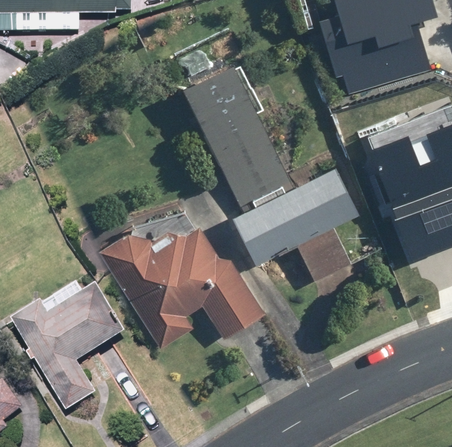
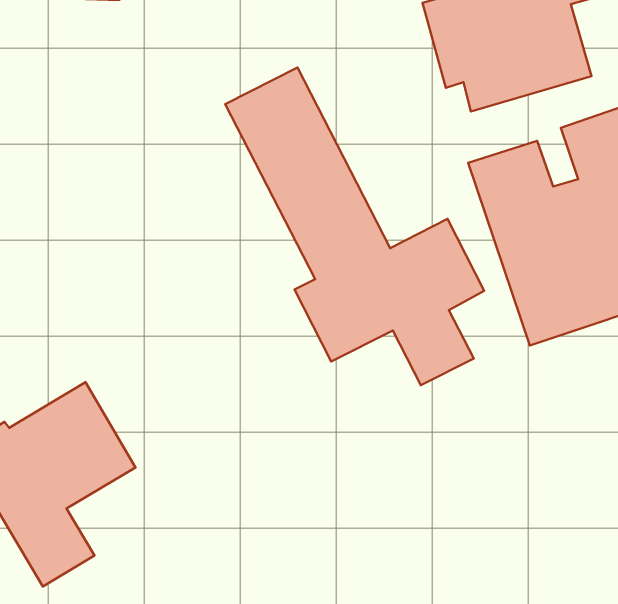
building: [101,211,267,347] -> none

